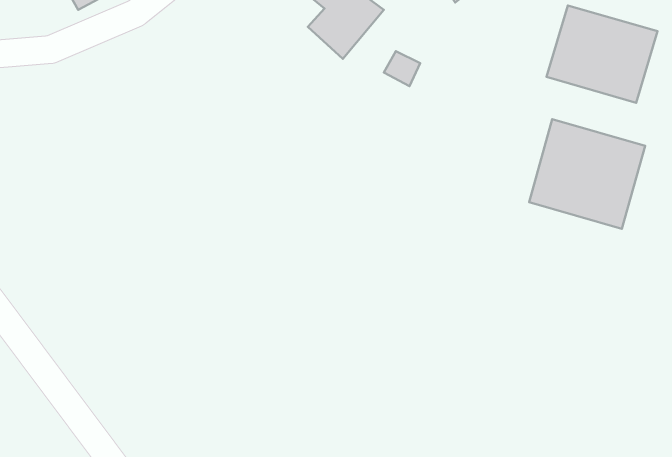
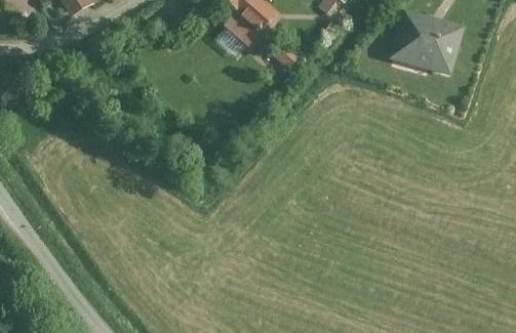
building: [529,119,645,229] -> none

